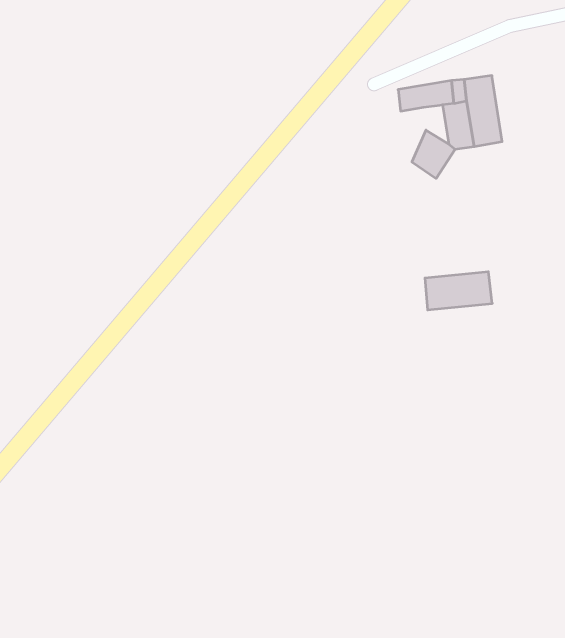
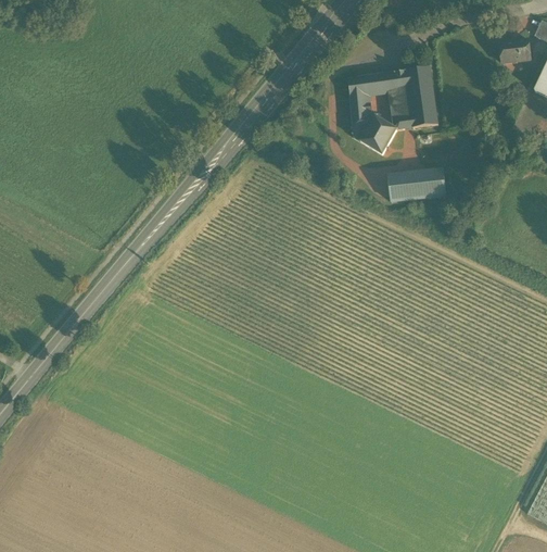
building: none -> [352,93,373,140]
building: [425,272,492,310] -> [389,168,446,201]

